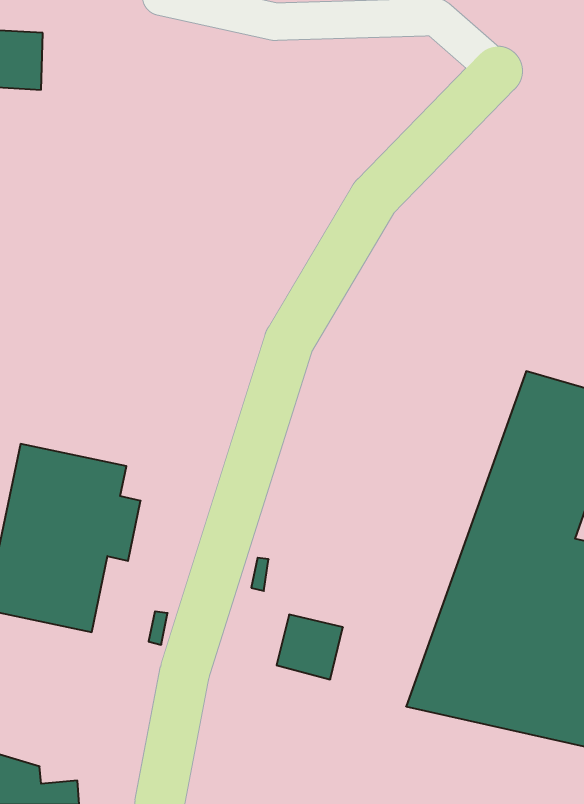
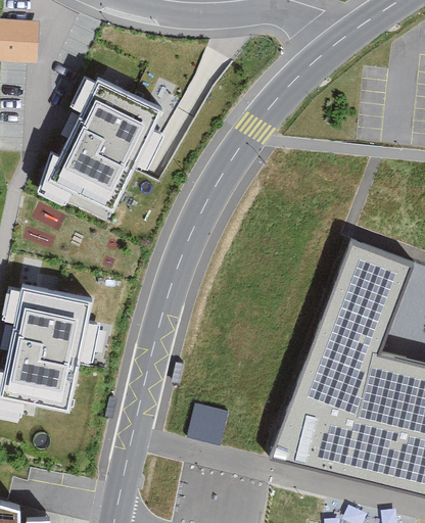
building: none -> [52,83,161,208]

